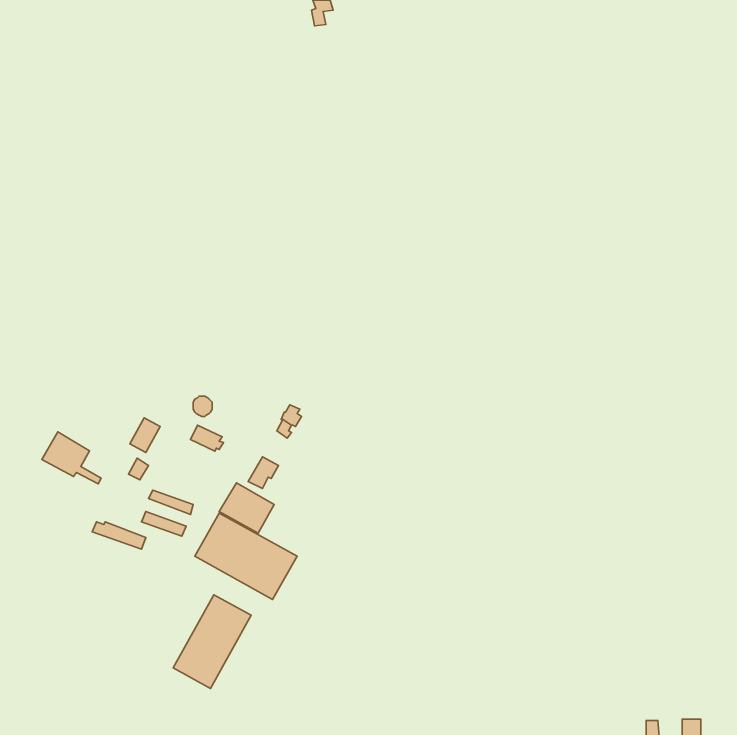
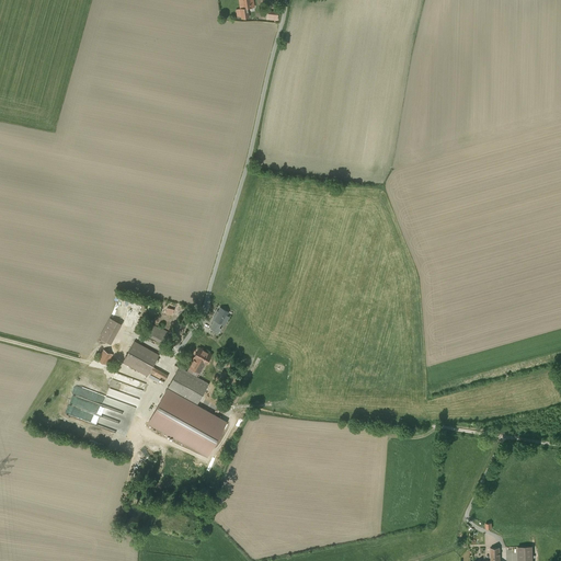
building: [42,432,101,484] -> [123,342,168,381]
building: [173,595,251,688] -> none

